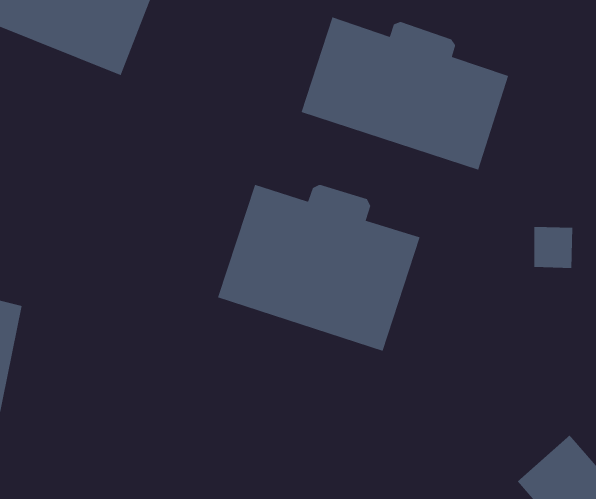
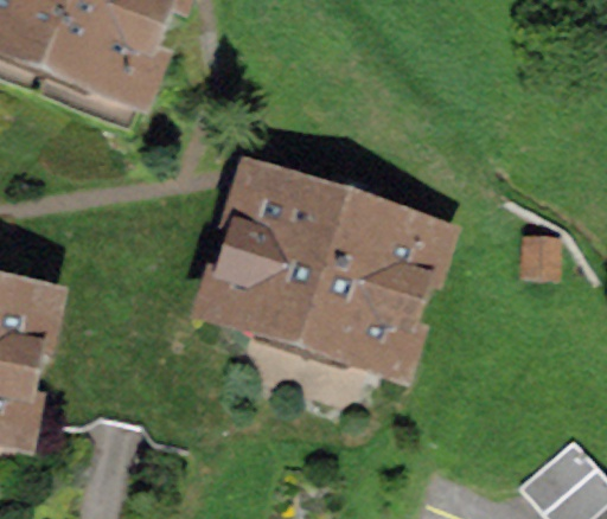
building: [301,17,509,171] -> none

